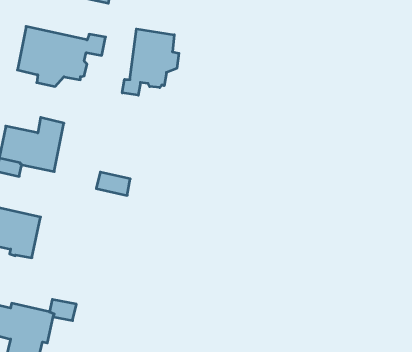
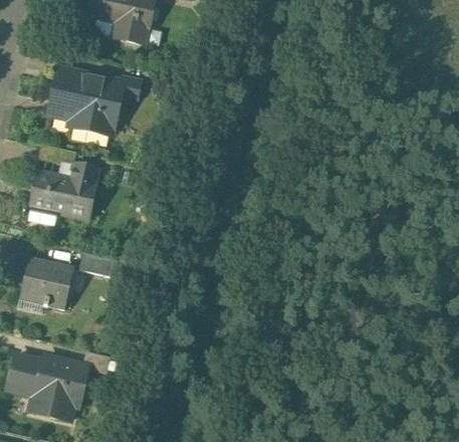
building: [122,29,179,95] -> none
building: [96,172,130,195] -> [78,252,113,276]

